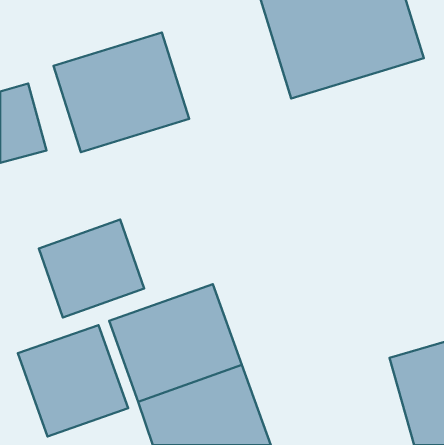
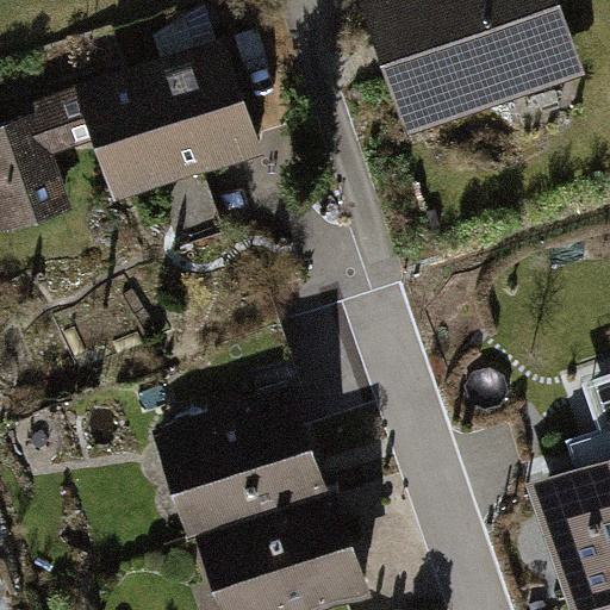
building: [39,220,144,317] -> none
building: [18,325,128,436] -> none

